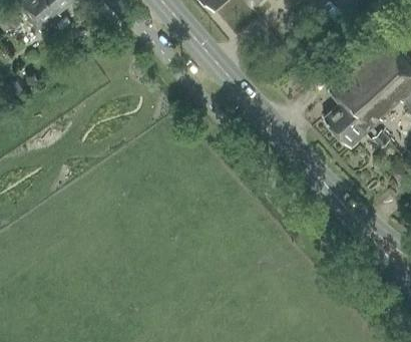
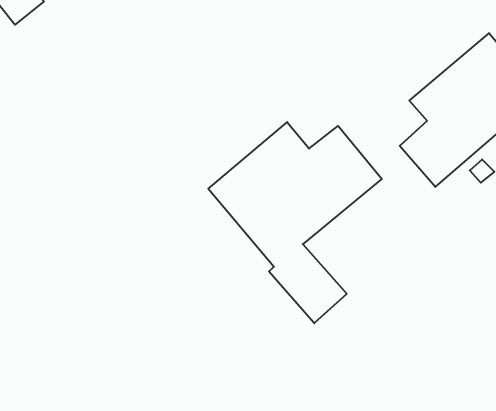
building: none -> [208,122,382,323]

